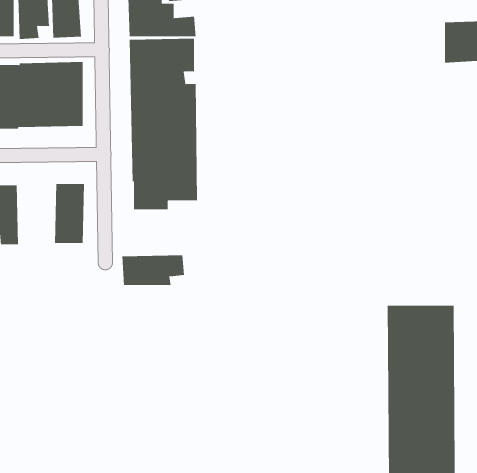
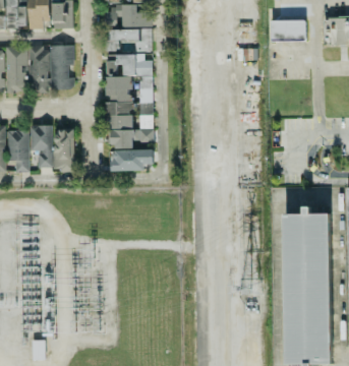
building: none -> [270,19,305,41]
building: none -> [28,124,52,167]
building: [122,255,185,285] -> [110,148,154,170]

